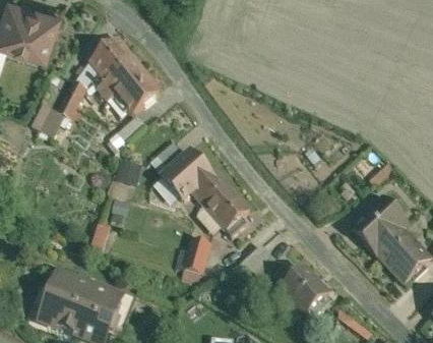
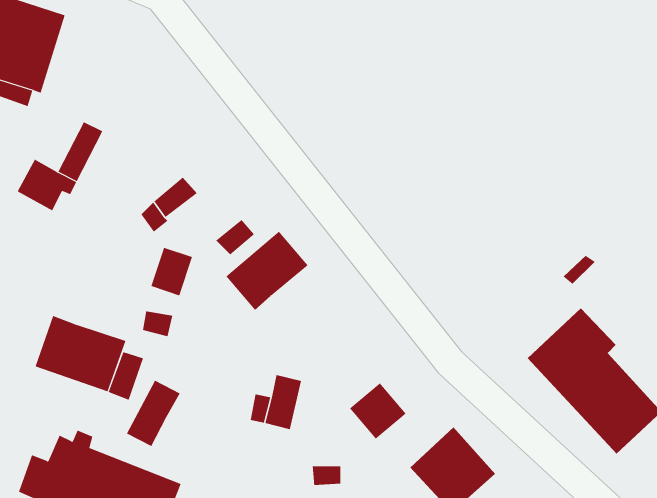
building: [85,36,158,111] -> none
building: [190,165,249,232] -> none
building: none -> [35,315,126,392]
building: none -> [126,380,180,447]

